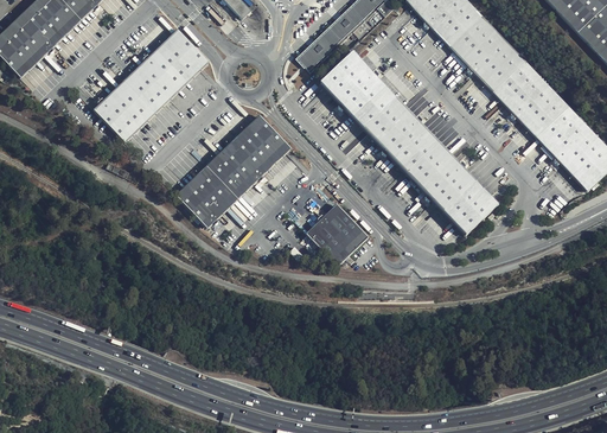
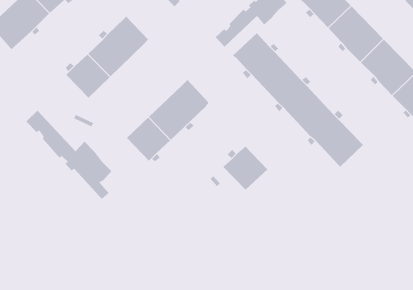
building: none -> [26,110,112,200]

